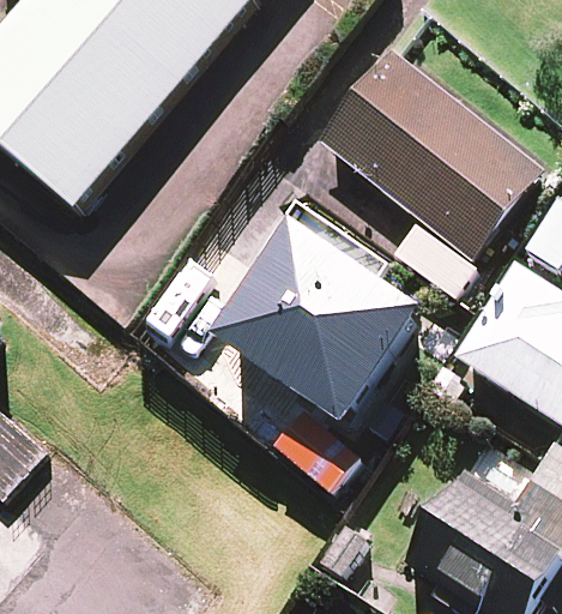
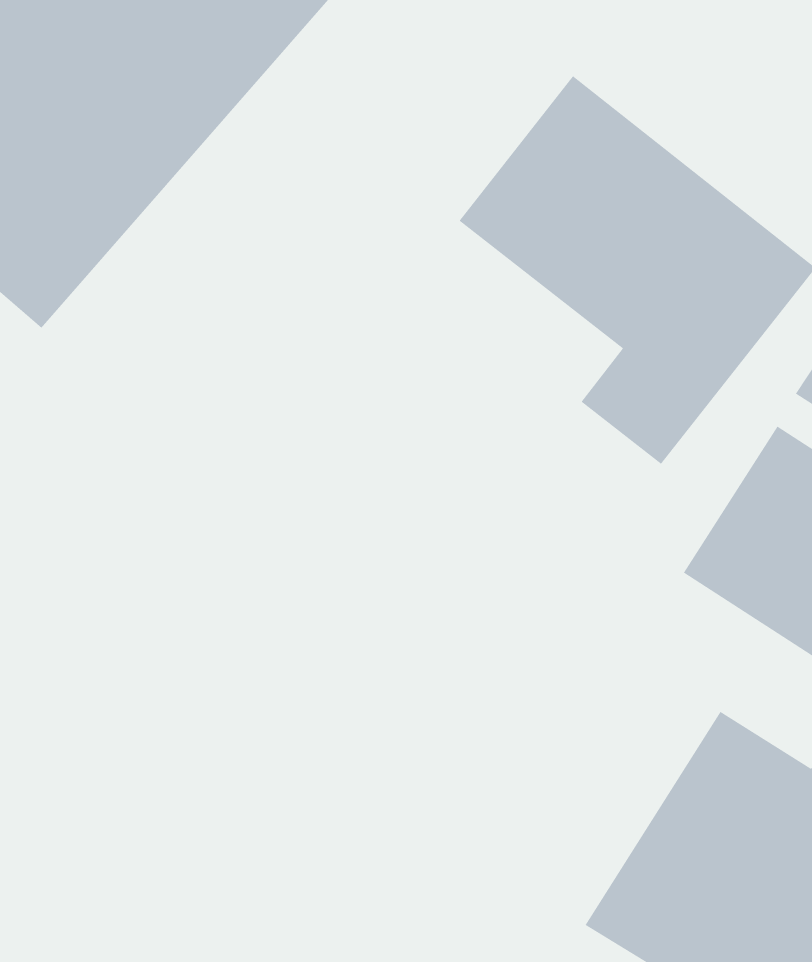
building: [214,219,424,425] -> none

